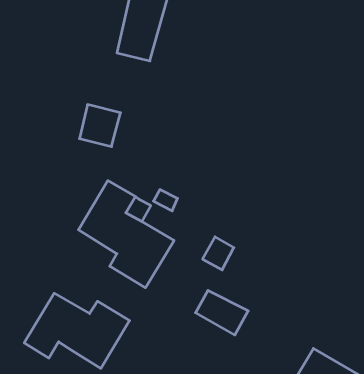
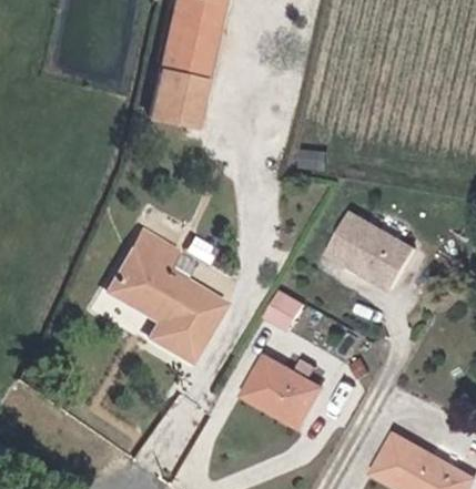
building: [79,105,121,147] -> [145,70,196,122]
building: none -> [328,213,416,291]
building: [24,293,130,368] -> none

